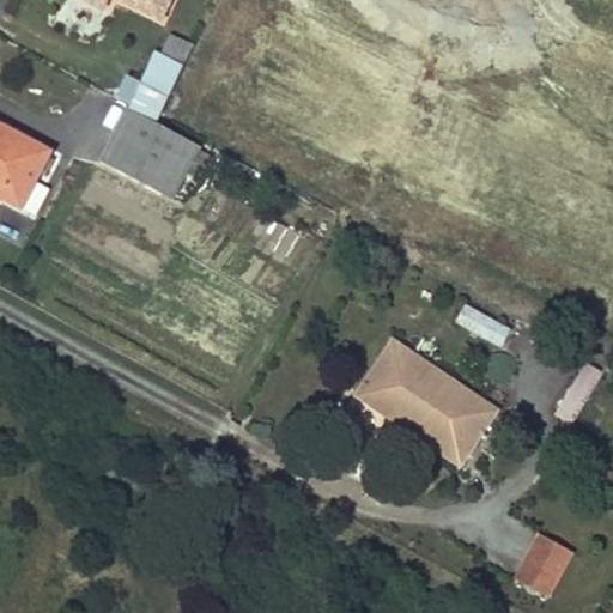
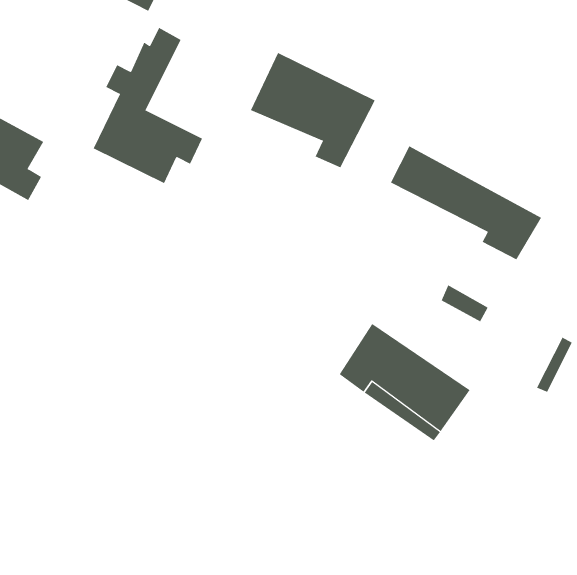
building: none -> [250,52,375,168]
building: none -> [390,146,542,260]
building: [515,532,572,596] -> none

